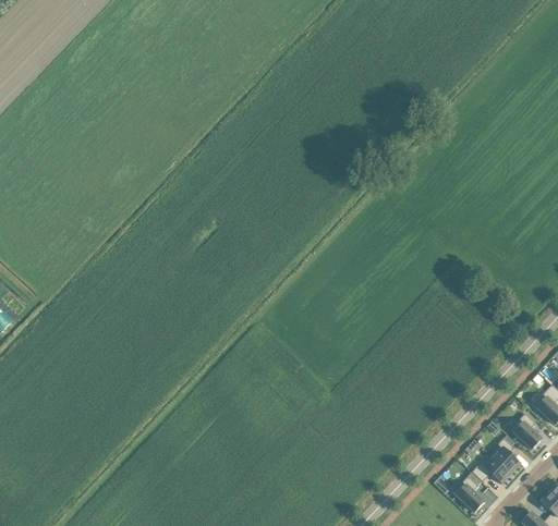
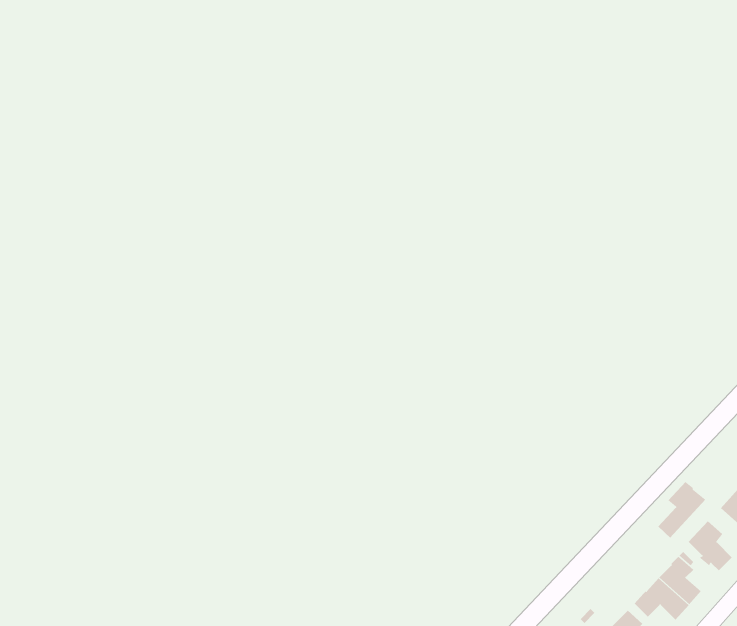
building: none -> [657,481,706,538]

